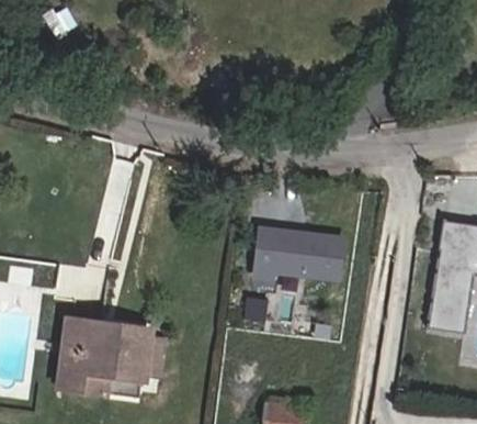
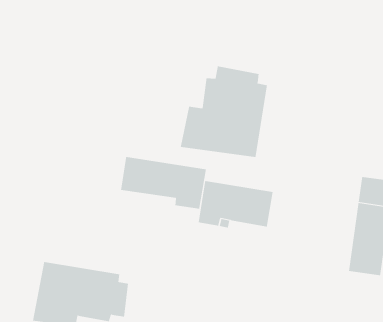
building: none -> [180,65,268,158]
building: none -> [120,156,206,210]

